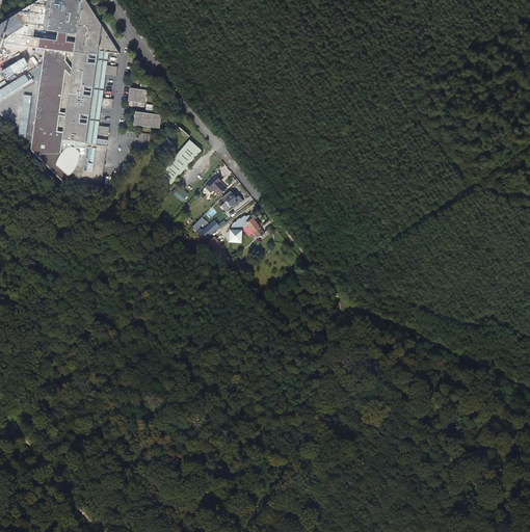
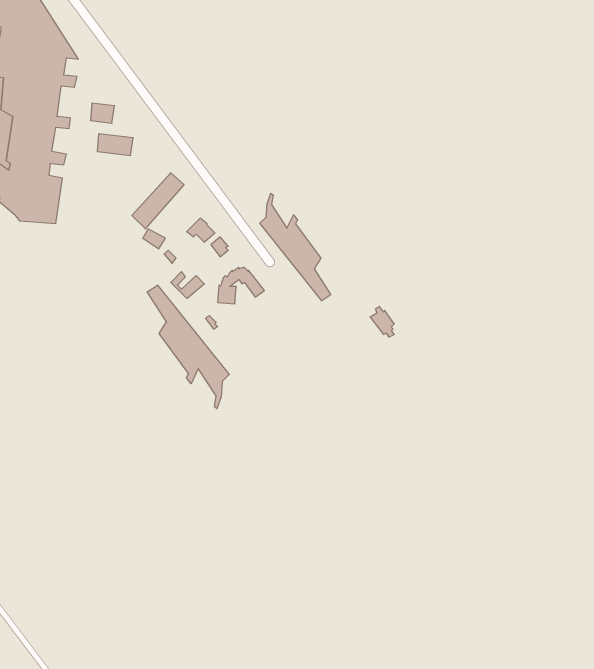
building: none -> [260,193,331,301]
building: none -> [147,285,229,409]

